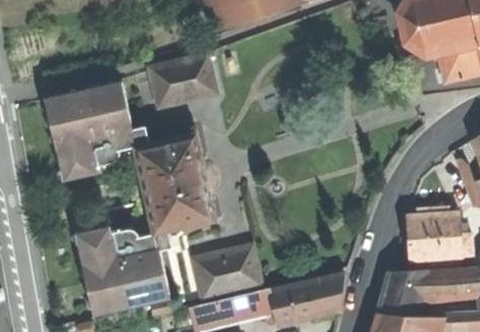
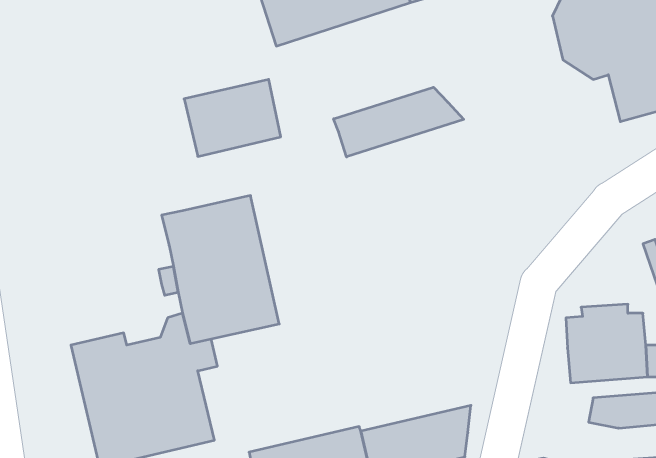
building: none -> [334,87,464,157]
building: [45,81,149,180] -> none
building: [194,246,260,298] -> none
building: [382,270,426,294] -> none

